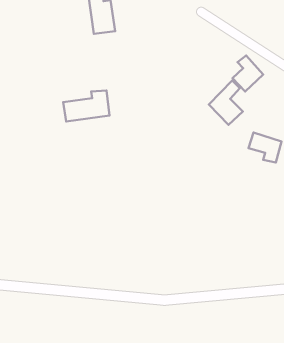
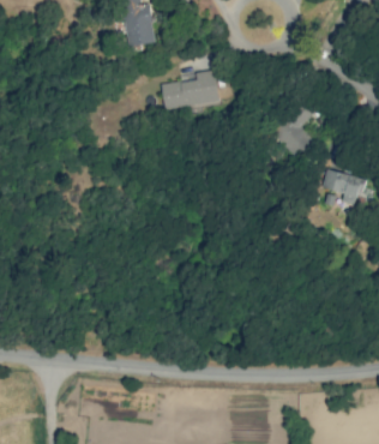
building: [232,56,263,92] -> none
building: [63,90,110,121] -> [161,71,218,109]

